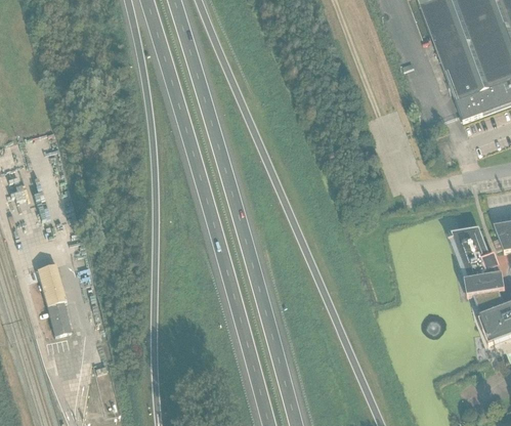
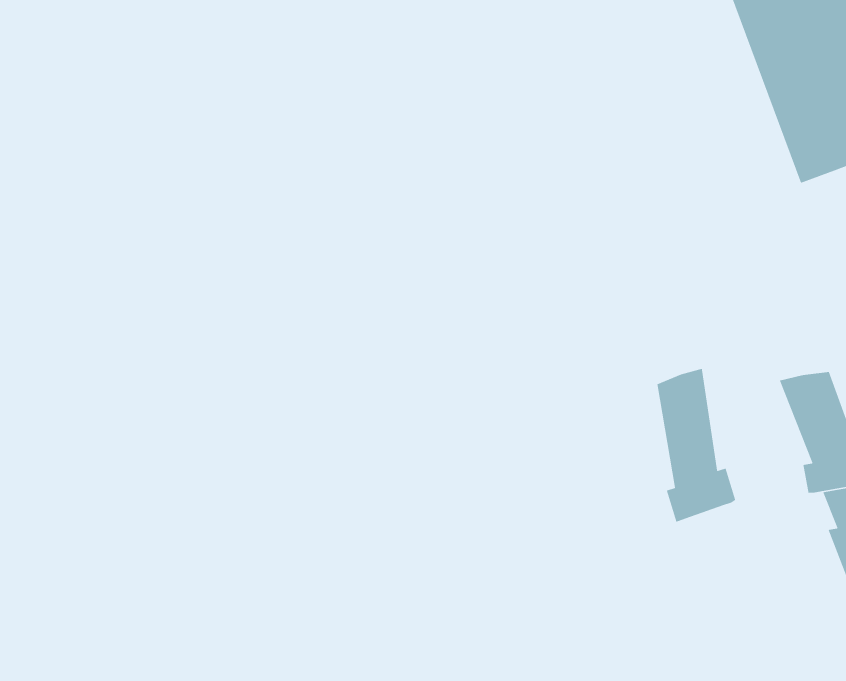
building: none -> [657,368,736,523]
building: [36,261,71,333] -> none

